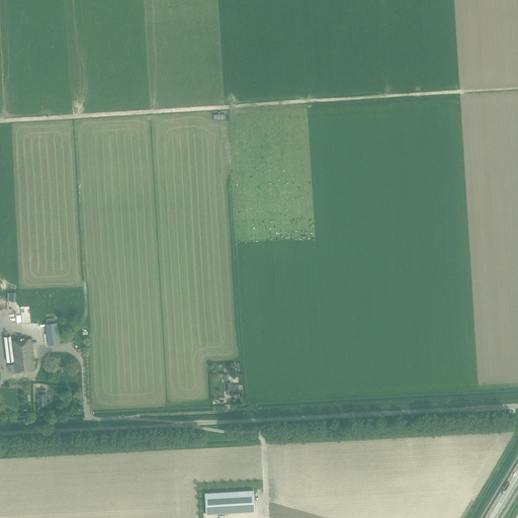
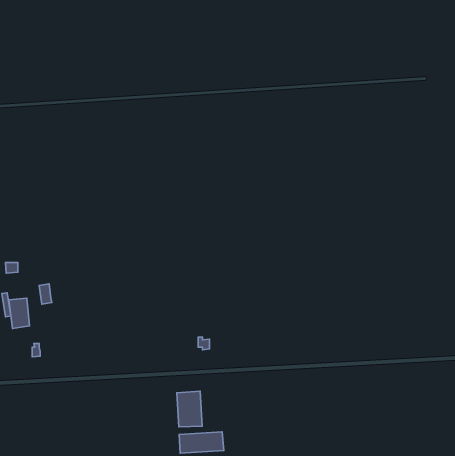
building: none -> [177,391,202,427]

